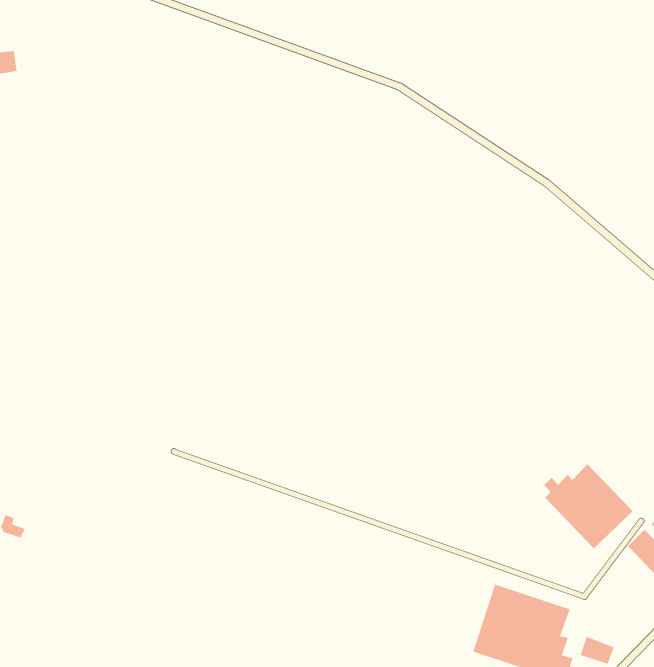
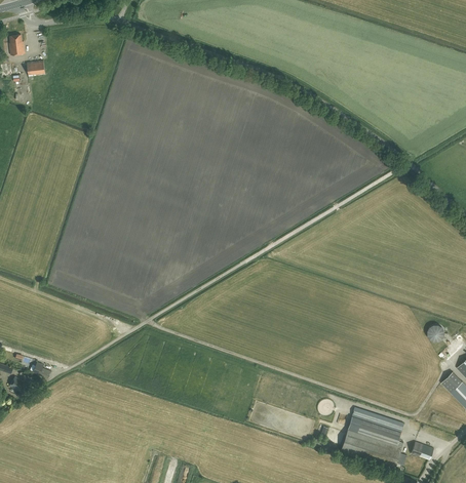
building: [543,464,634,549] -> none

